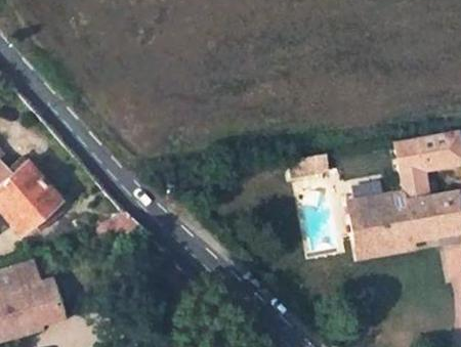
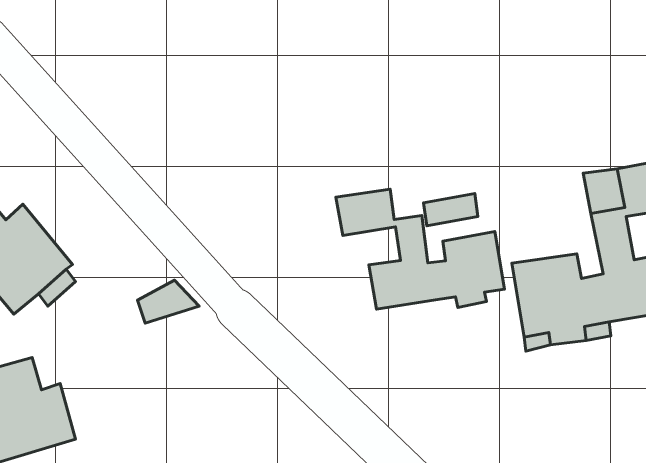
building: none -> [336,189,505,309]

